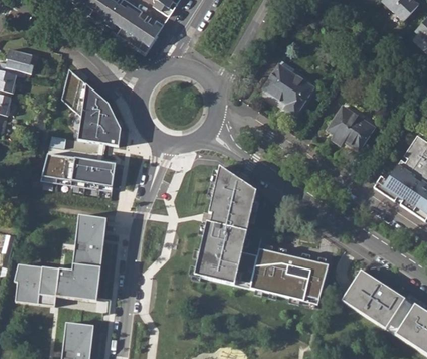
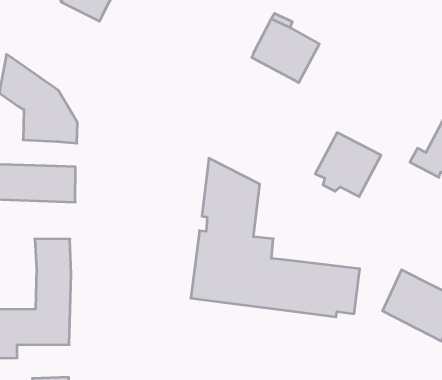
building: [327,100,379,151] -> [315,133,381,197]

